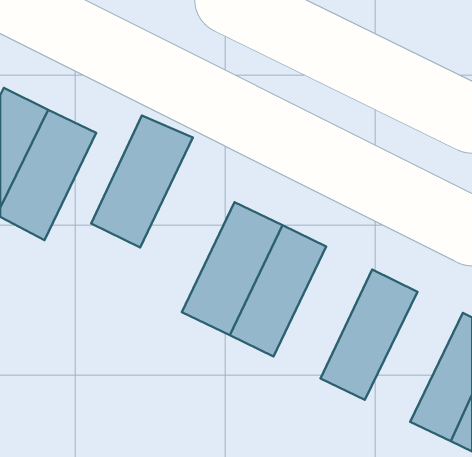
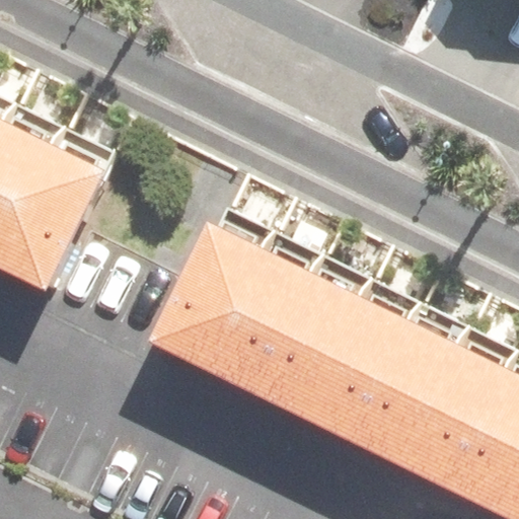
building: [91,115,193,248] -> [146,214,257,359]
building: none -> [300,287,409,432]
building: none -> [400,337,508,479]

